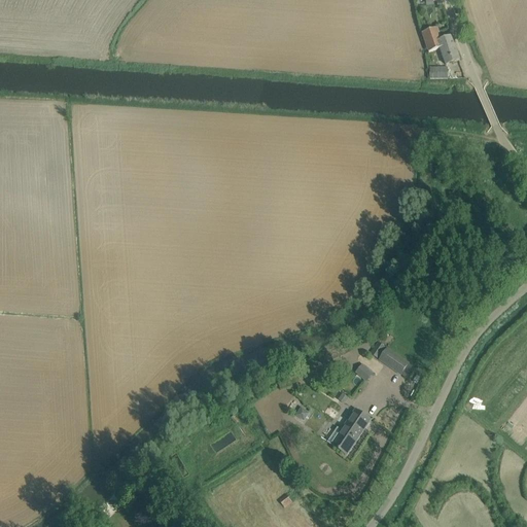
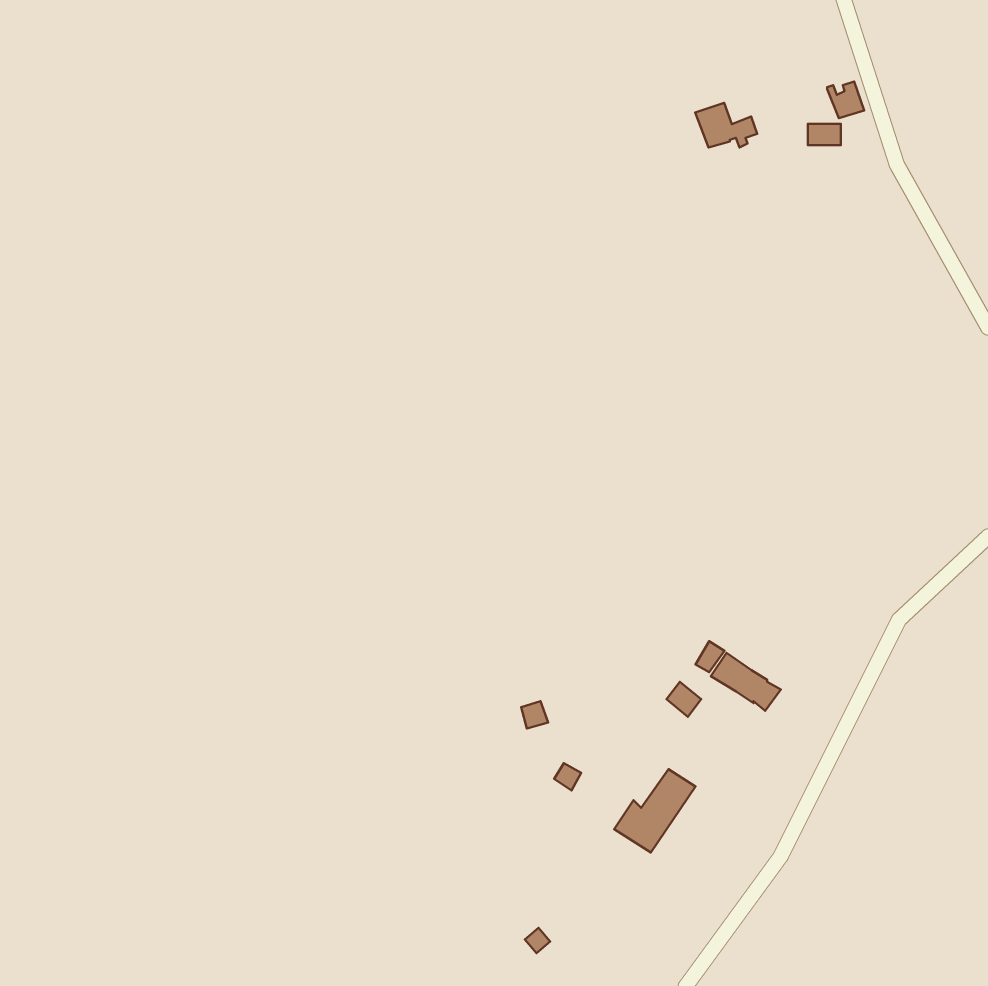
building: [421,27,454,50] -> [695,103,757,147]

